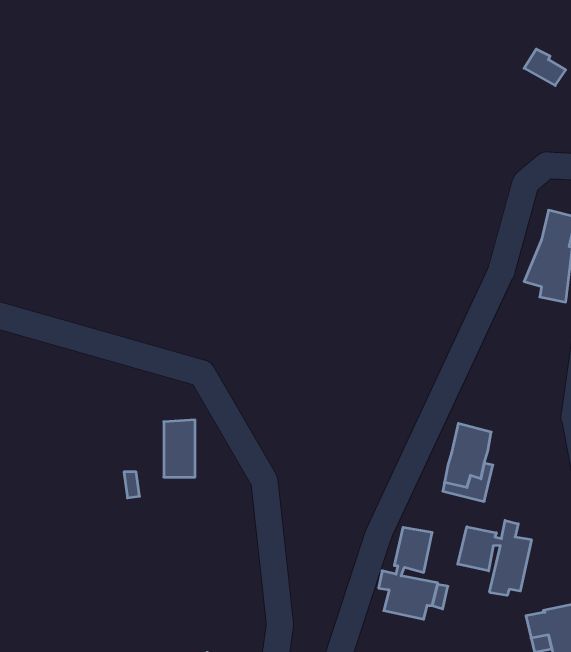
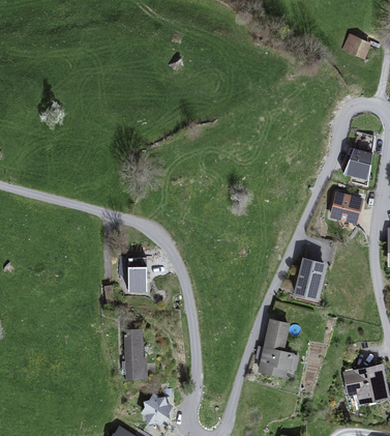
building: none -> [331,194,361,223]
building: [458,520,531,595] -> none
building: none -> [121,328,144,381]

